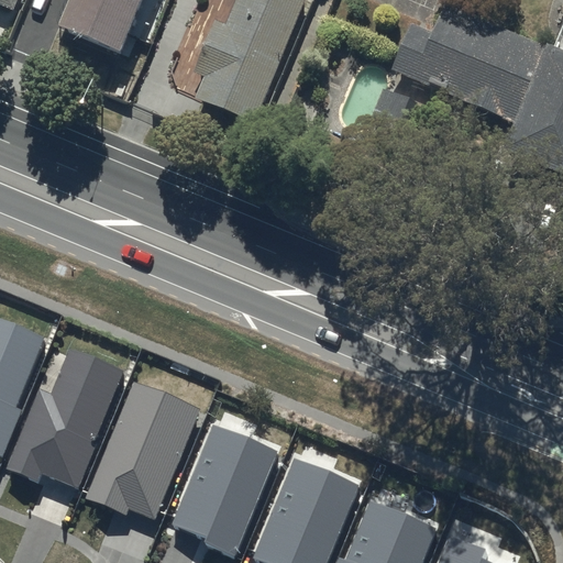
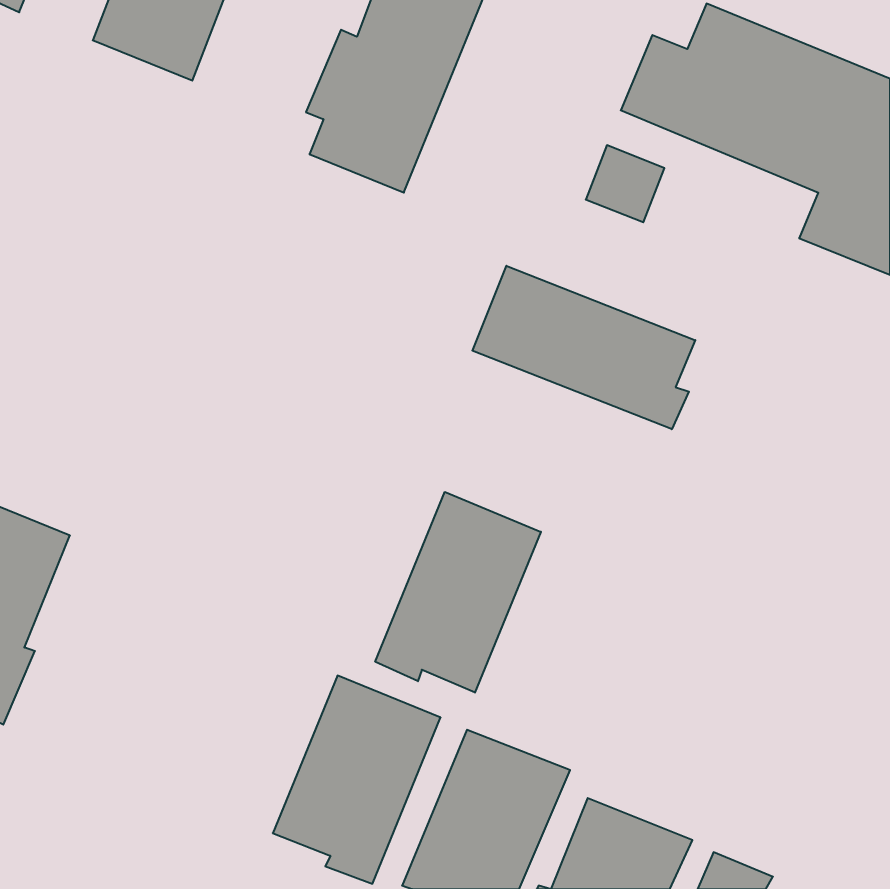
building: none -> [472,266,695,429]
building: none -> [375,492,541,693]
building: [7,349,123,487] -> none
building: [85,380,199,518] -> none

